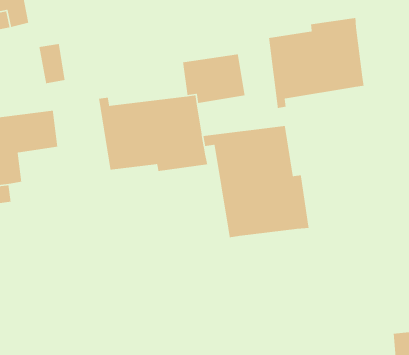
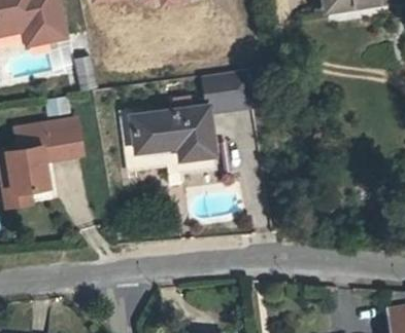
building: [268,17,364,109] -> none
building: [203,125,309,238] -> none

